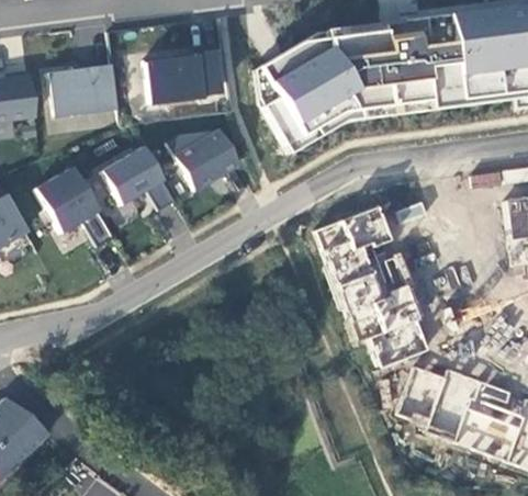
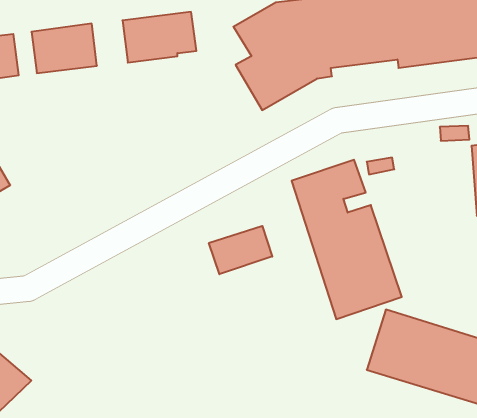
building: [168,128,240,188] -> none
building: [102,145,176,208] -> none
building: [36,167,115,246] -> none
building: none -> [209,226,272,274]

